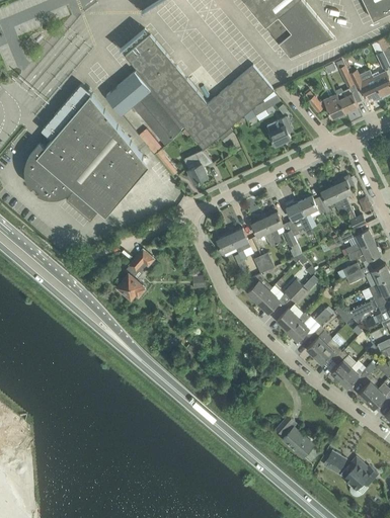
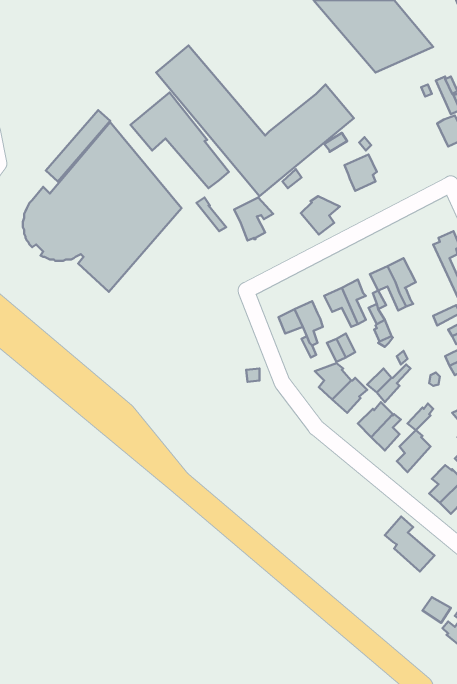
building: [308,95,344,118] -> none
building: none -> [301,196,340,234]
building: [321,186,345,215] -> none
building: [118,250,154,300] -> none
building: [314,338,341,365] -> none
building: [276,416,313,457] -> [385,516,435,572]

